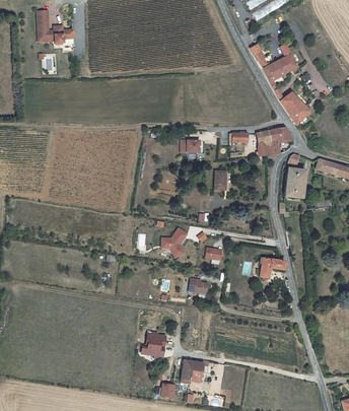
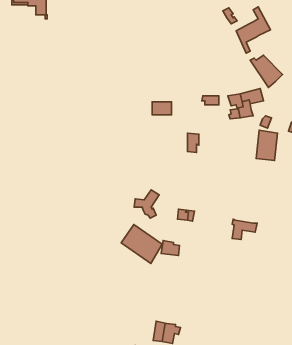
building: none -> [121,225,162,263]
building: [141,332,165,358] -> none

